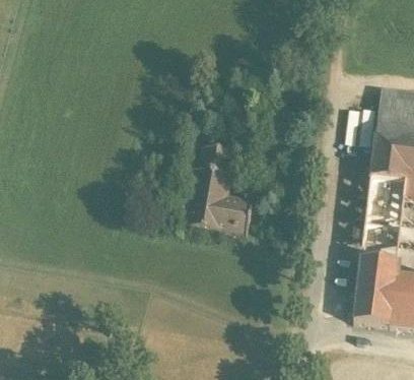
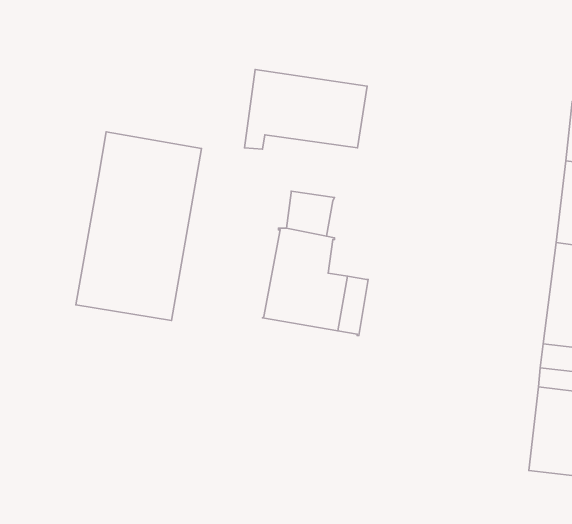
building: none -> [245,70,367,149]
building: none -> [76,132,202,320]

